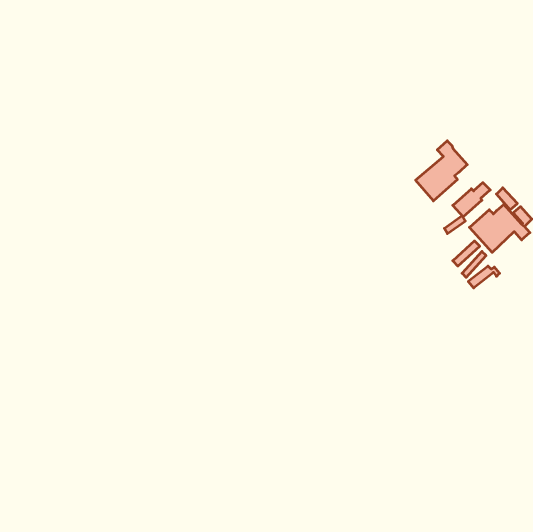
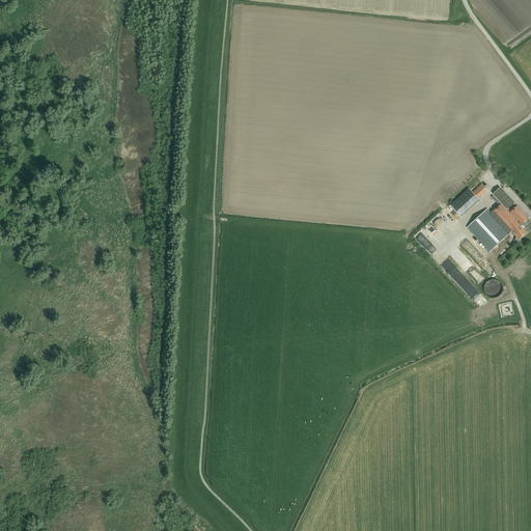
building: [416,141,467,201] -> none

